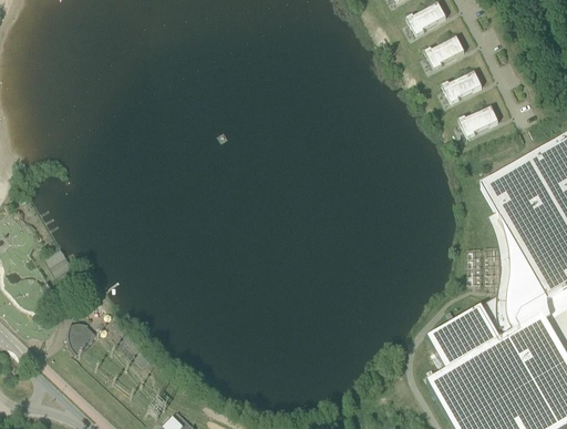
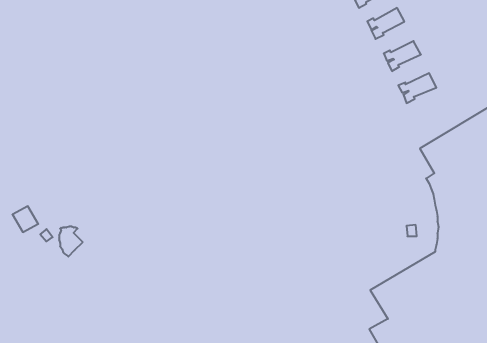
building: [69,321,94,354] -> [59,227,83,257]

